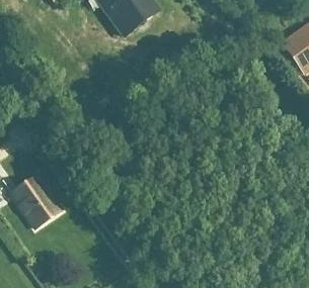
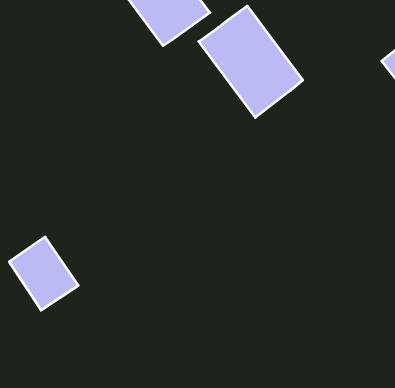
building: none -> [199,6,303,118]

